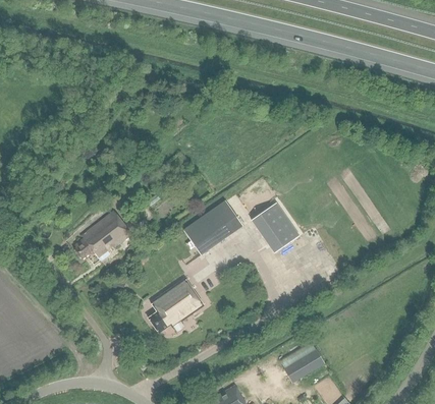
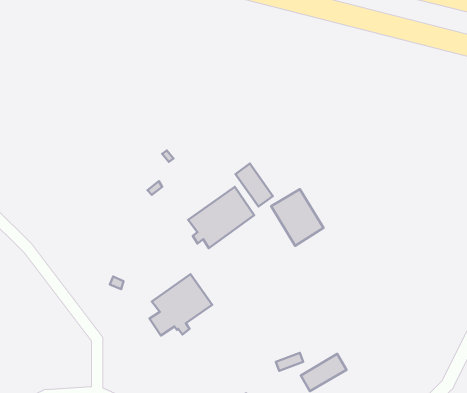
building: none -> [235,164,273,207]
building: [72,211,130,259] -> none

